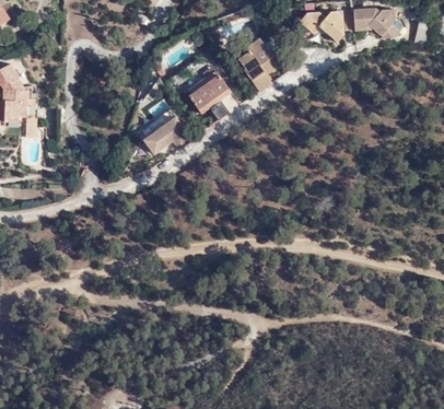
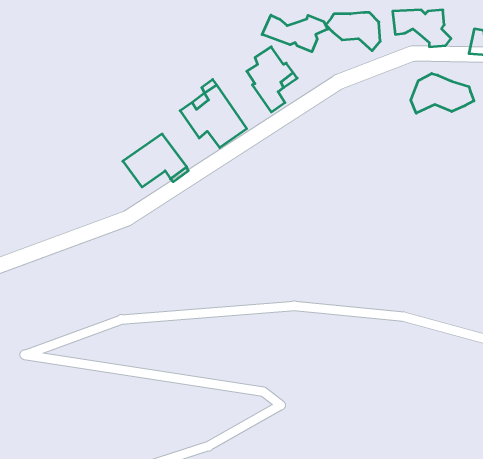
building: none -> [262,15,328,52]
building: none -> [411,73,474,113]

